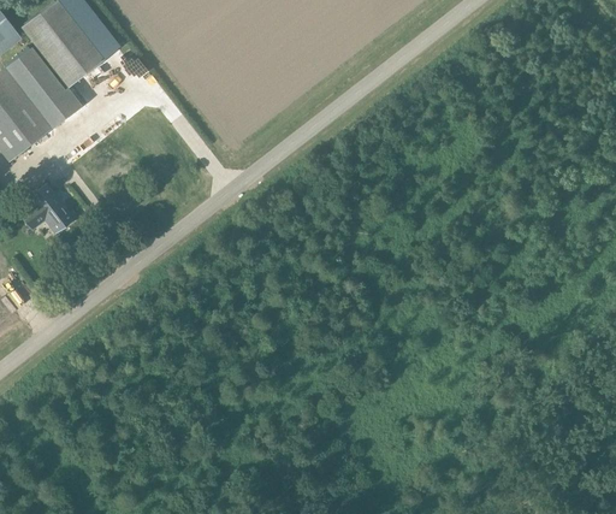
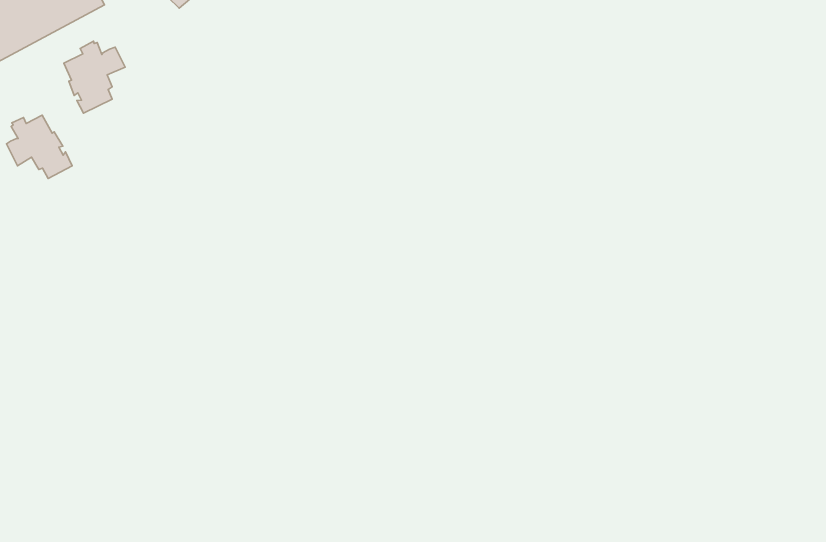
building: none -> [64,41,125,113]

